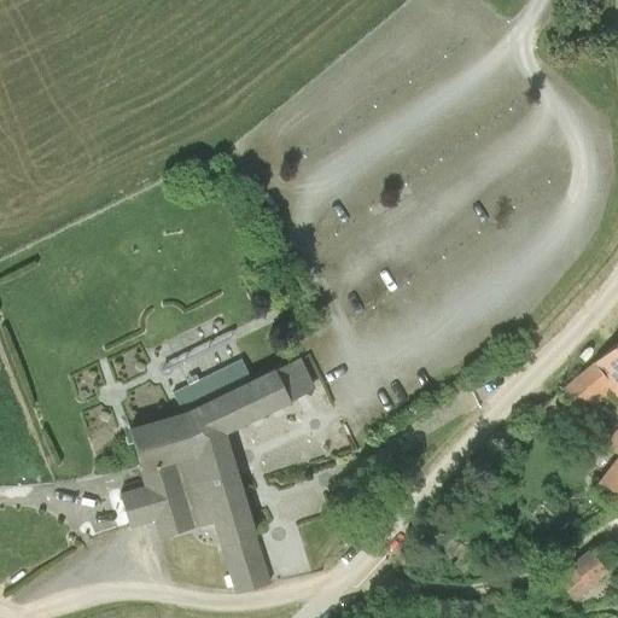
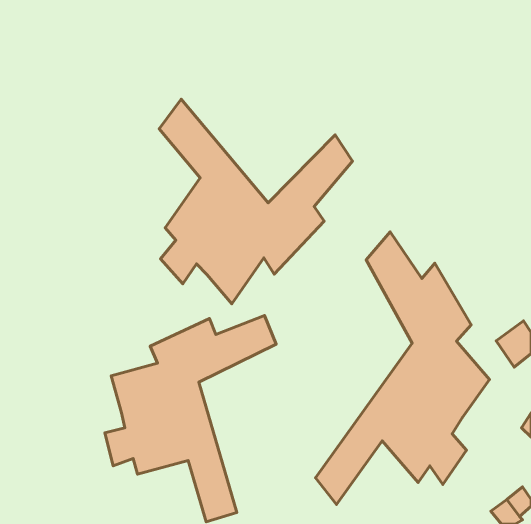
building: none -> [159,99,353,304]
building: none -> [315,232,489,504]

